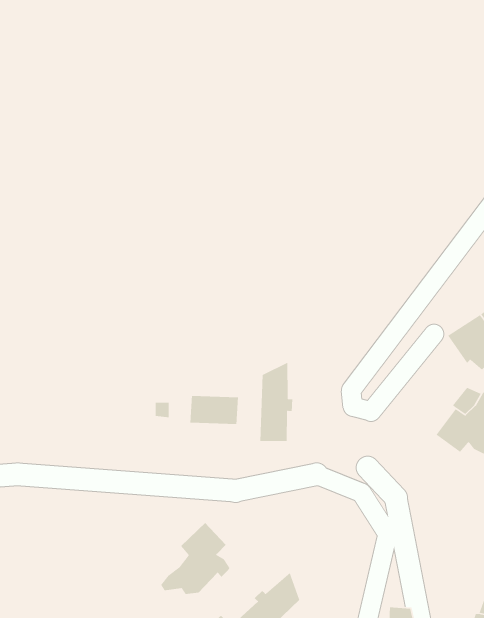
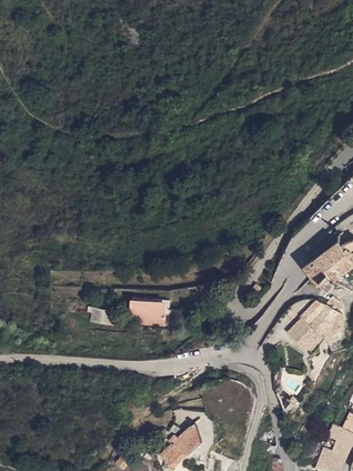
building: [260,362,293,442] -> none
building: [160,522,231,595] -> none

